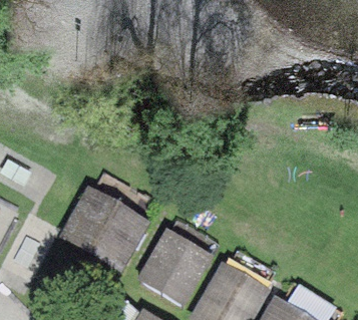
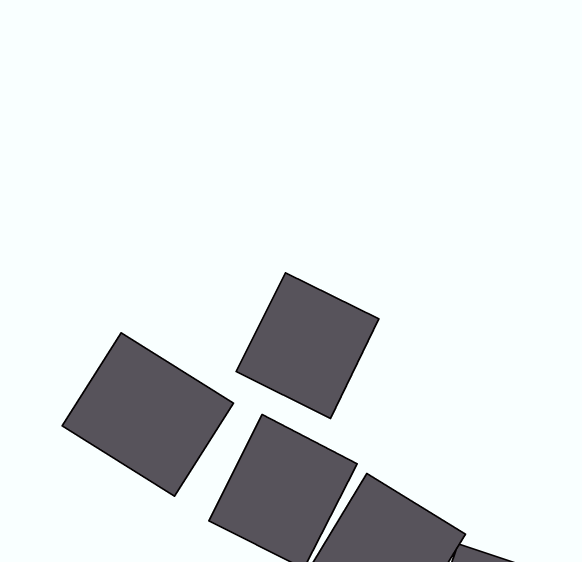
building: none -> [236,273,379,419]

